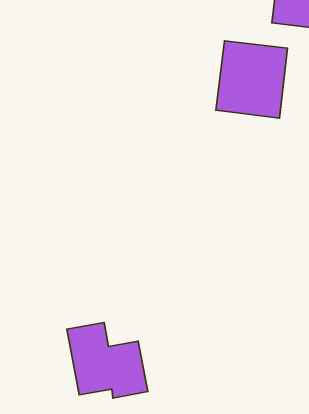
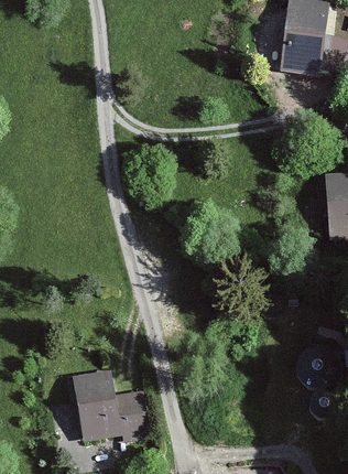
building: [216,41,287,118] -> none

